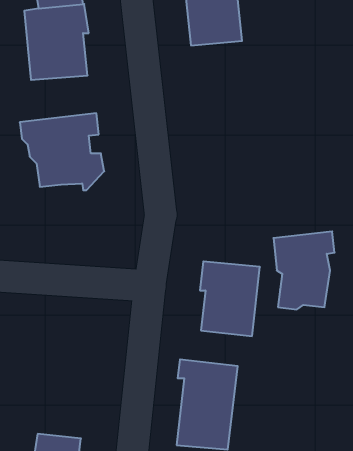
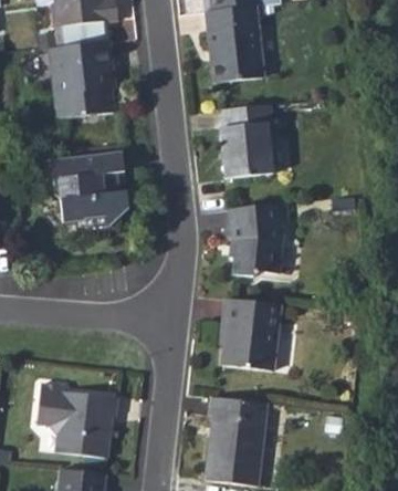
building: none -> [220,102,274,179]
building: [273,231,335,309] -> [231,200,292,278]
building: none -> [33,382,116,458]

